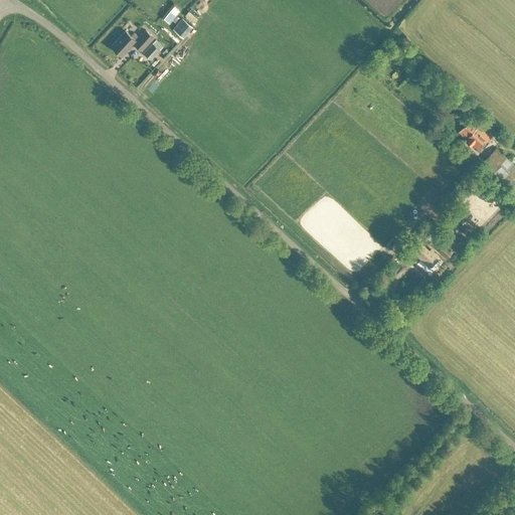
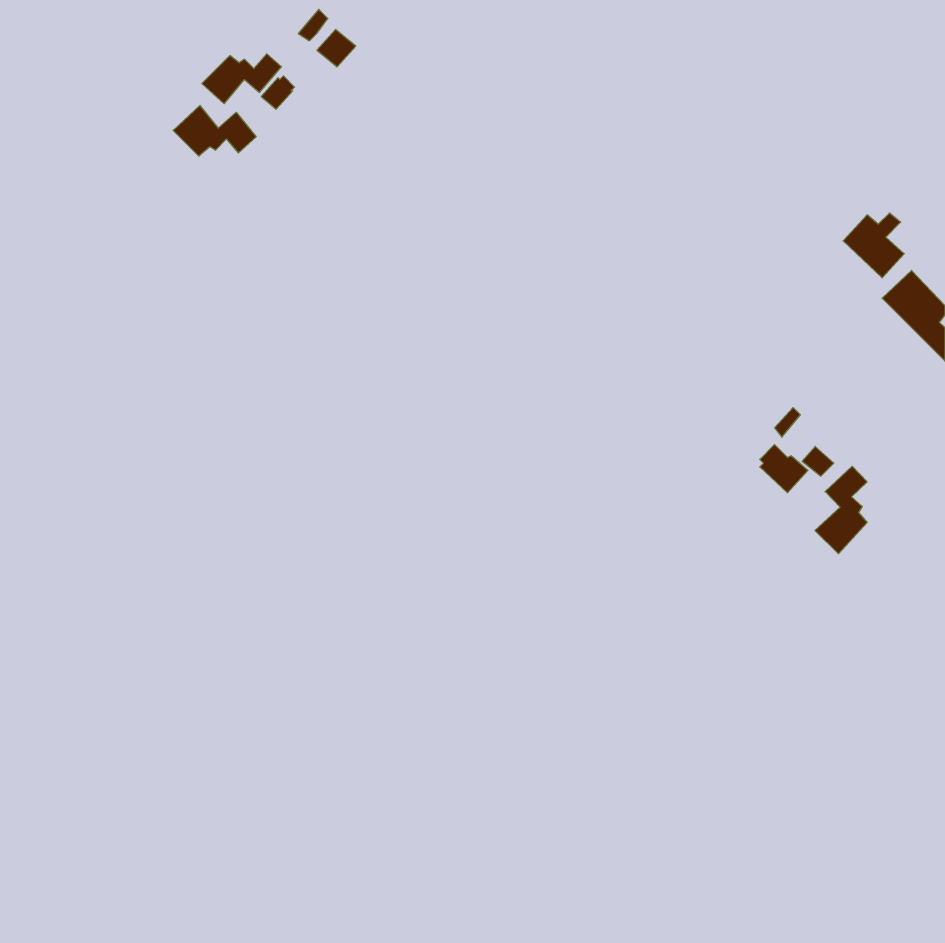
building: none -> [173,105,256,156]
building: none -> [815,466,867,554]

